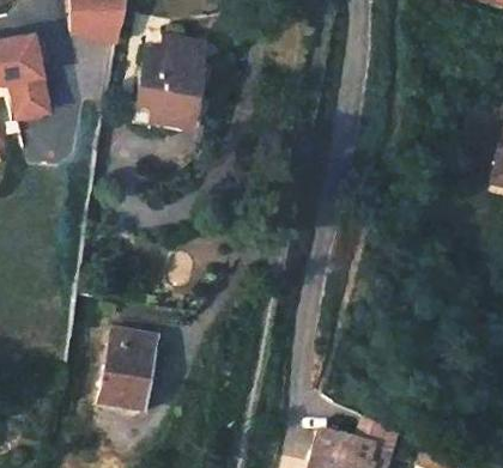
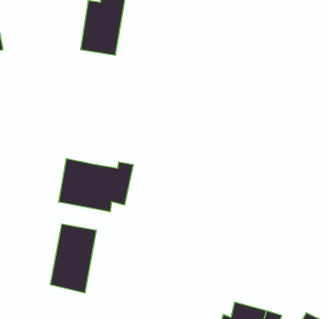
building: none -> [59,158,133,212]

